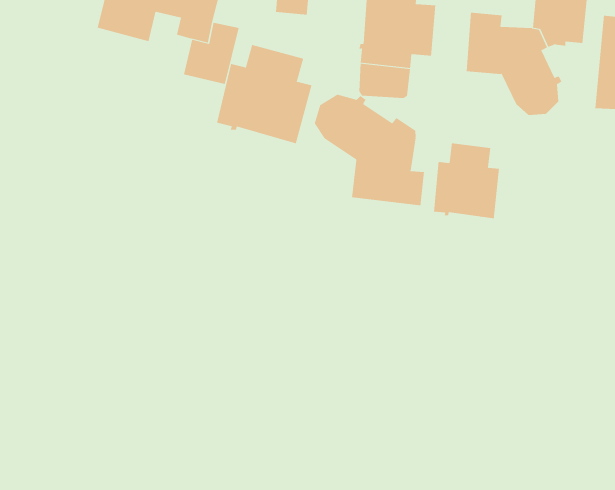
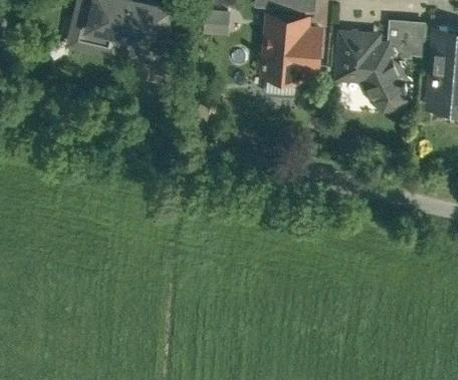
building: [216,44,312,144] -> none
building: [314,94,424,206] -> none
building: [434,143,500,219] -> none

